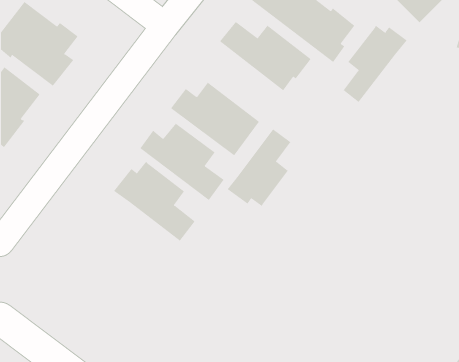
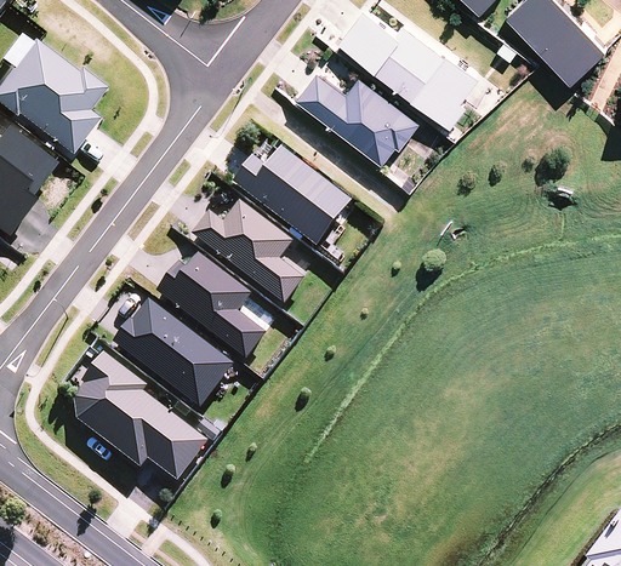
building: [343,25,408,103] -> none
building: [227,129,291,207] -> none
building: none -> [112,301,232,407]
building: none -> [73,351,206,481]

